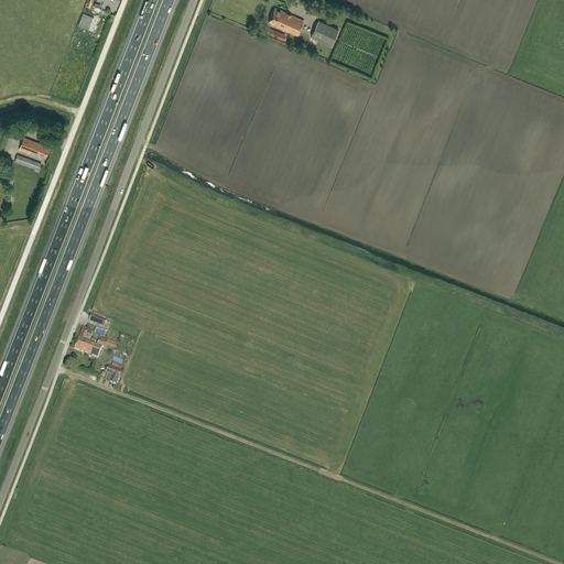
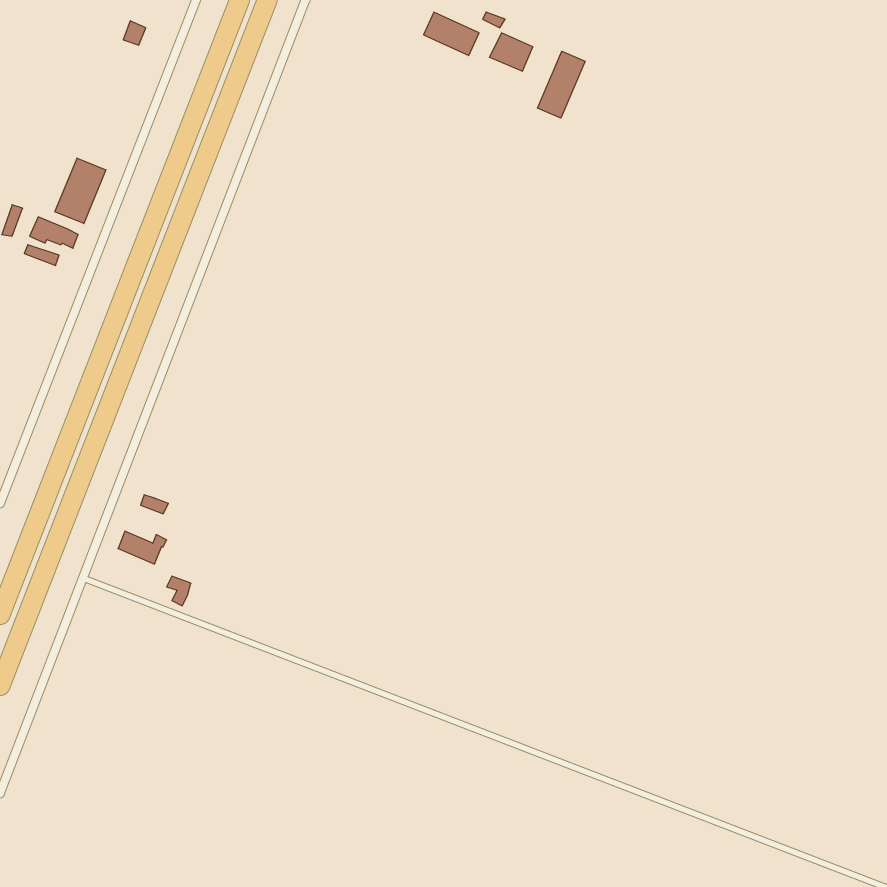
building: none -> [537,51,585,118]
building: none -> [55,158,106,224]

